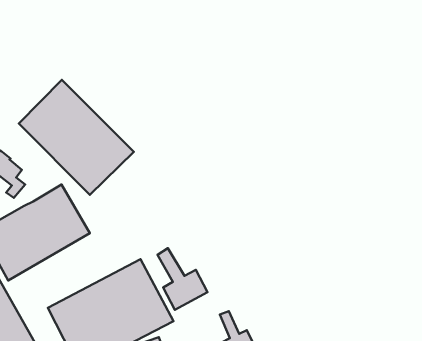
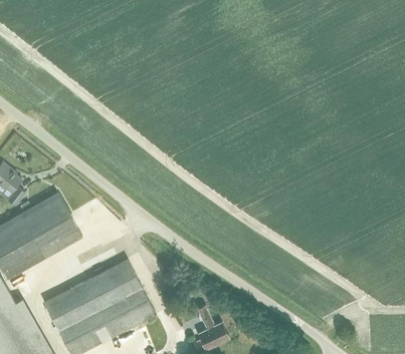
building: [19,80,134,195] -> none
building: [157,248,208,310] -> none

